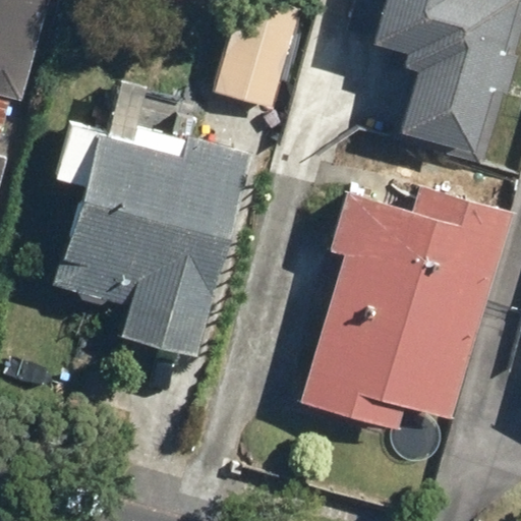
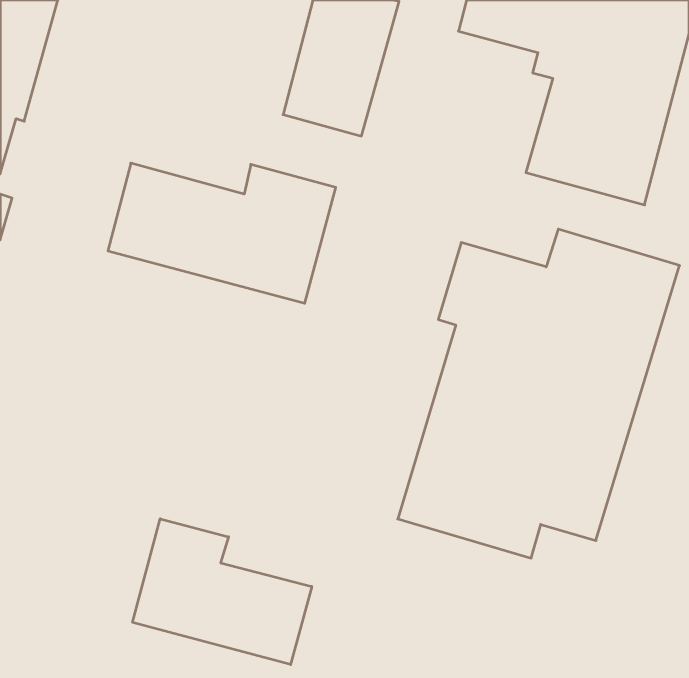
building: [56,197,230,358] -> none
building: none -> [133,519,312,665]

